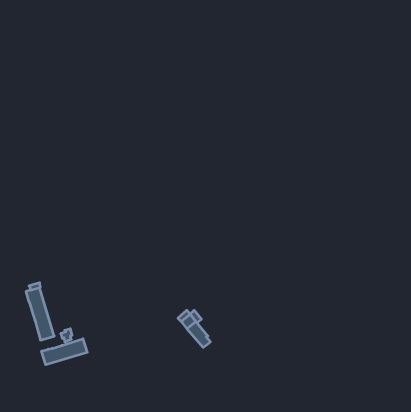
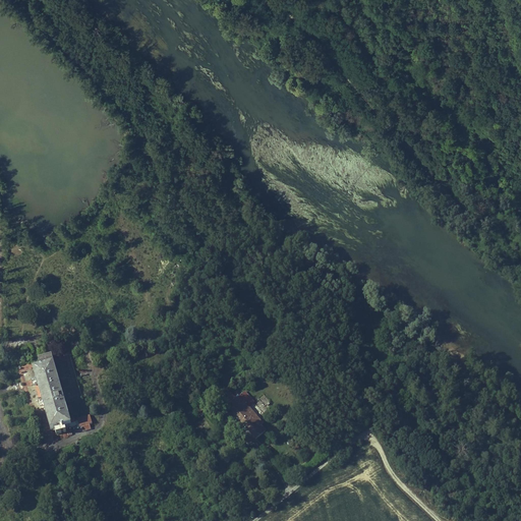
building: [42,339,87,365] -> none

